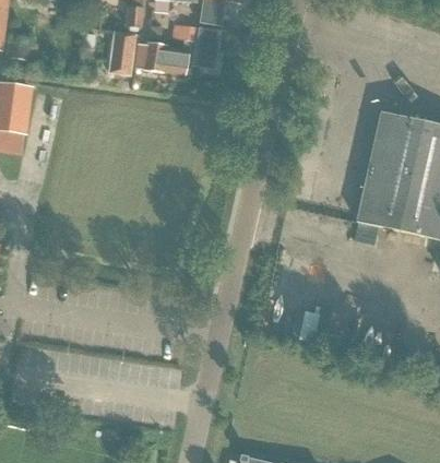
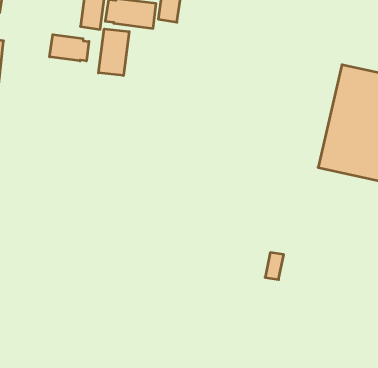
building: none -> [98,29,129,76]
building: none -> [50,35,89,61]

